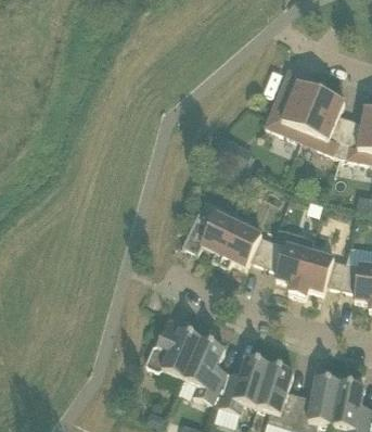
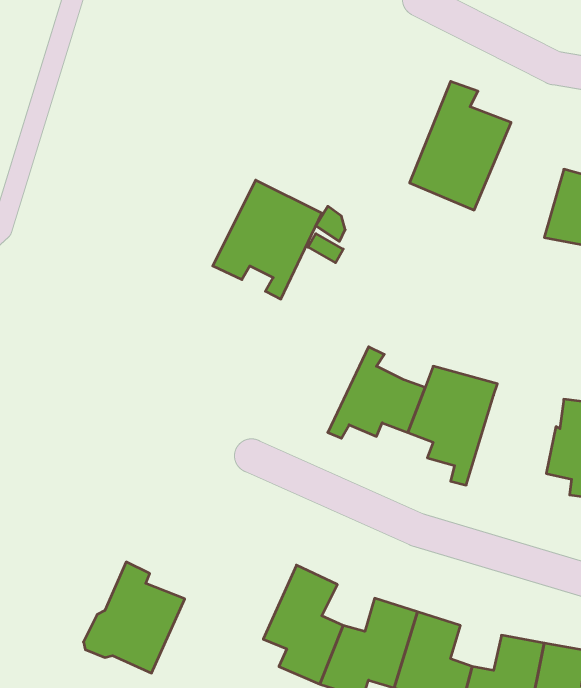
building: [302,91,351,155] -> none
building: [182,198,243,264] -> [213,180,322,299]
building: [297,243,347,296] -> none
building: [146,317,203,379] -> [83,562,185,673]

